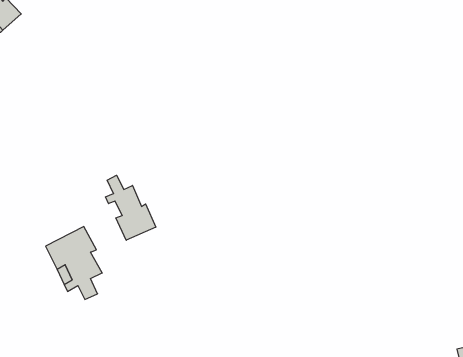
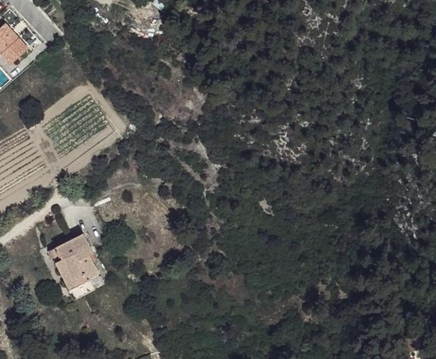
building: [105,175,156,240] -> none

